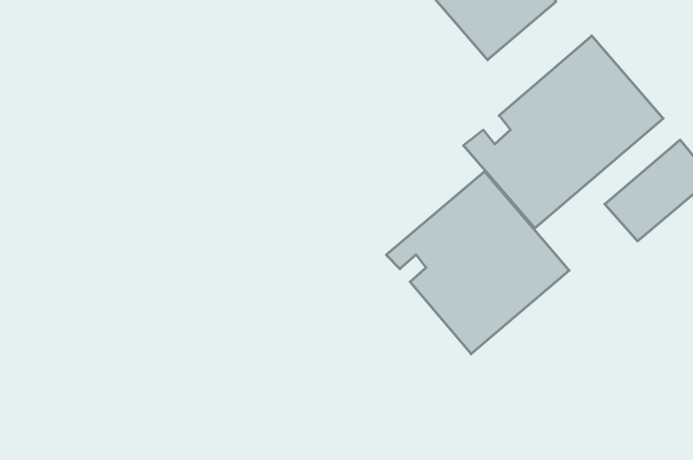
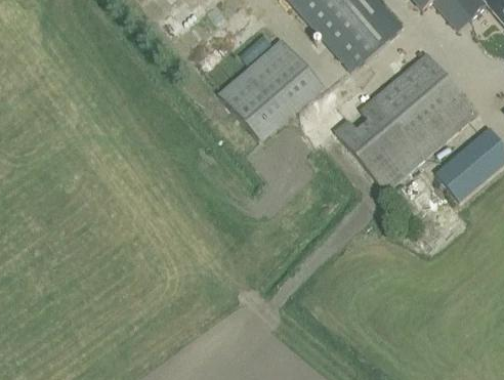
building: none -> [218,38,324,144]
building: [386,171,569,354] -> none

